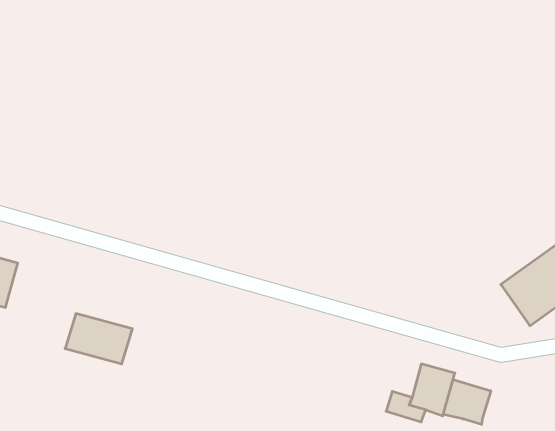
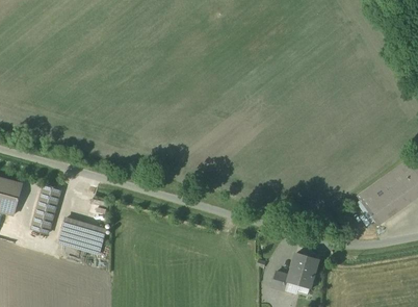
building: none -> [30,184,60,233]
building: [443,380,491,424] -> none

